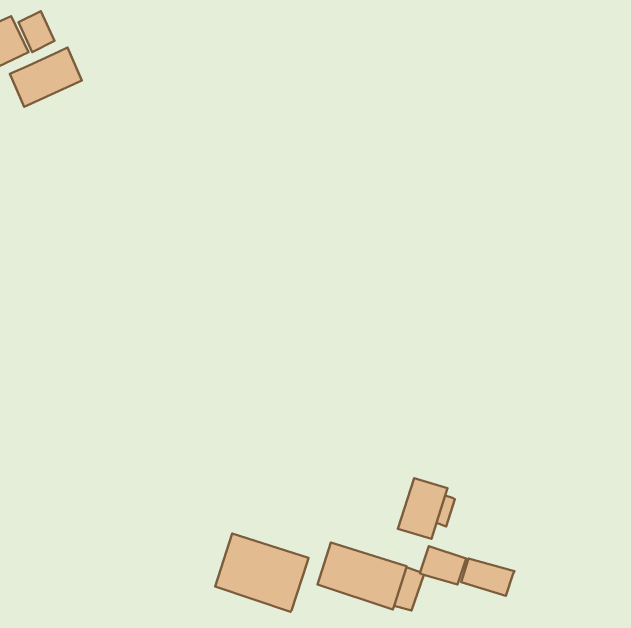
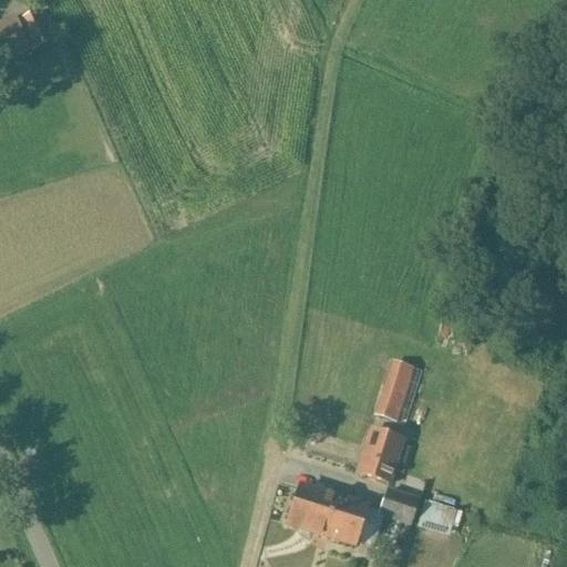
building: [10,48,82,107] -> none
building: none -> [373,360,420,424]
building: [215,534,308,612] -> none

